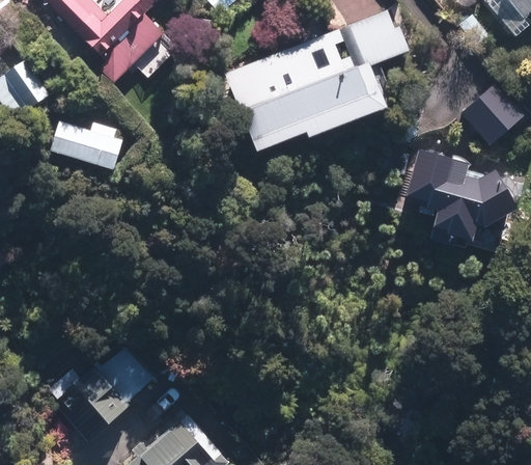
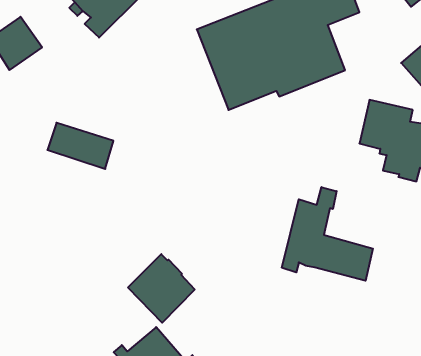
building: [50,118,125,171] -> [47,123,113,169]
building: none -> [282,187,373,281]
building: [51,356,128,435] -> [128,254,195,323]

